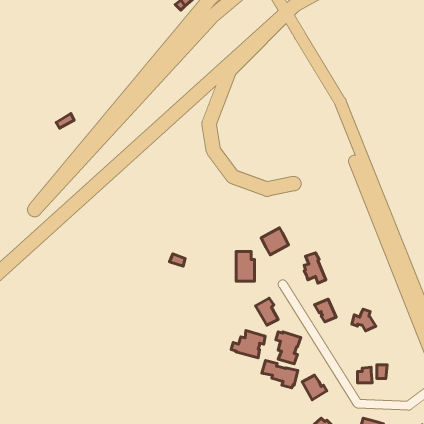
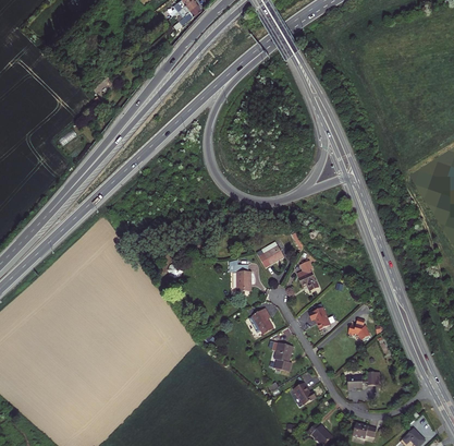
building: [231,331,265,358] -> none
building: [262,361,298,388] -> none

